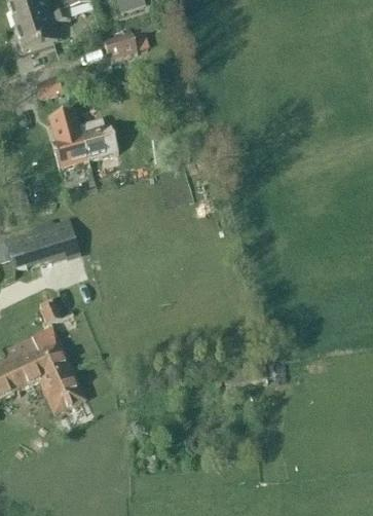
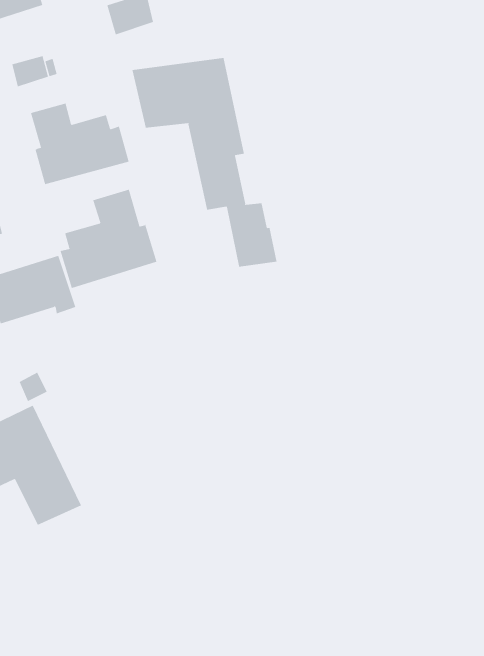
building: none -> [132,57,277,267]
building: none -> [60,189,157,289]

